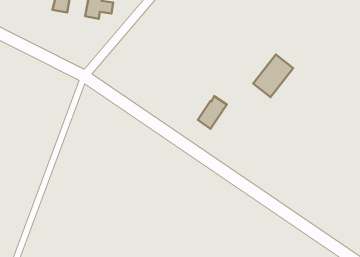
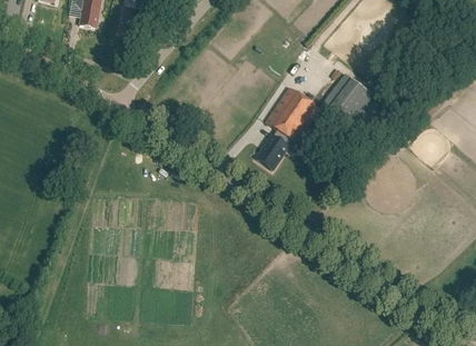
building: none -> [266,87,320,142]

